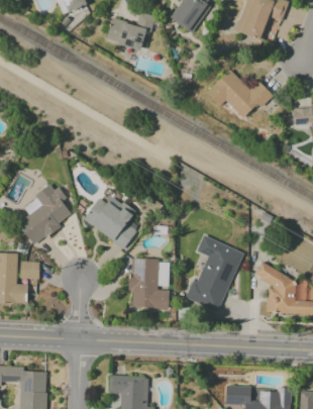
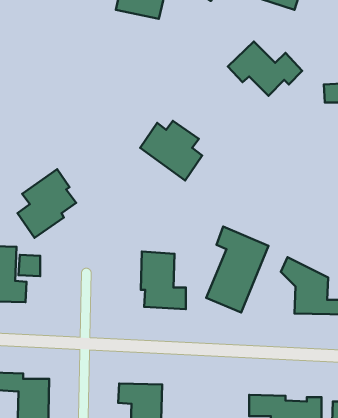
building: [84,196,139,249] -> [140,121,202,180]

